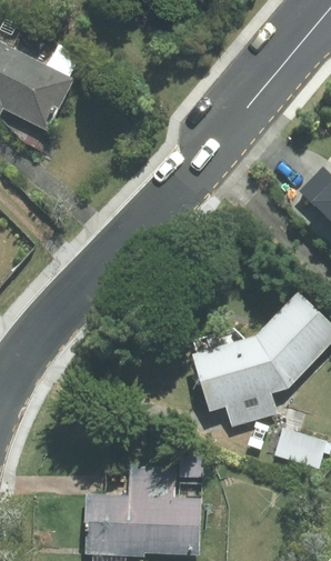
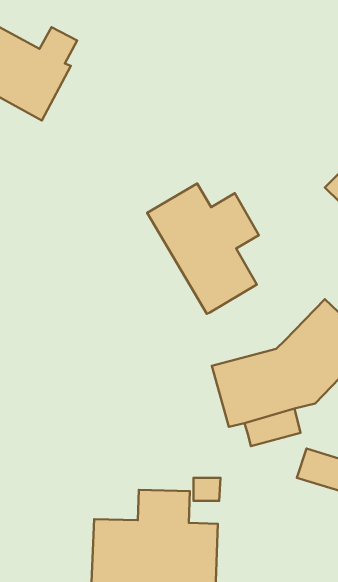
building: none -> [147,184,259,314]

